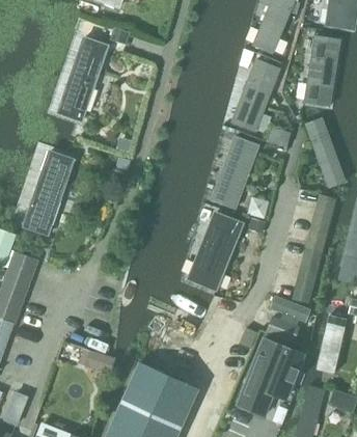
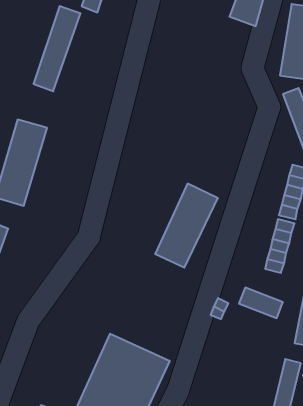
building: [235,60,278,133] -> none
building: [213,137,258,210] -> none
building: [269,297,313,326] -> none
building: [235,338,300,414] -> none

